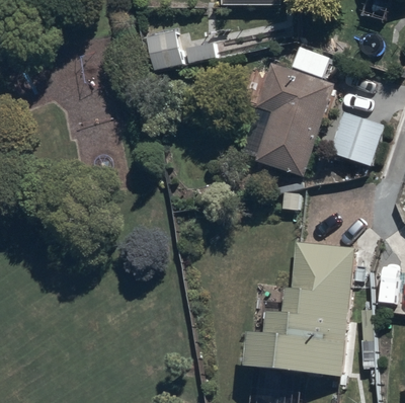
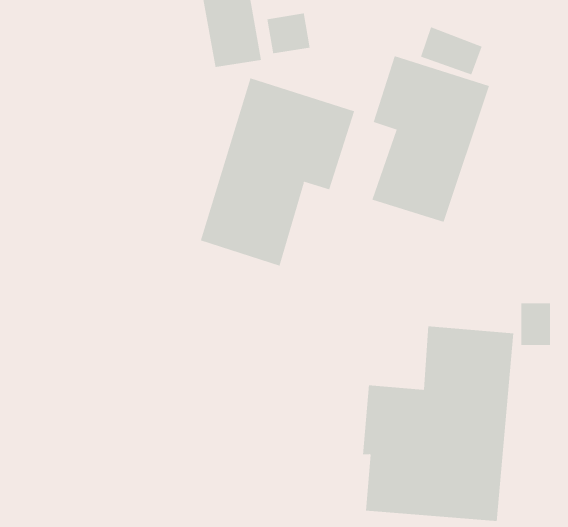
building: none -> [200,78,355,267]
building: [323,111,383,168] -> none

